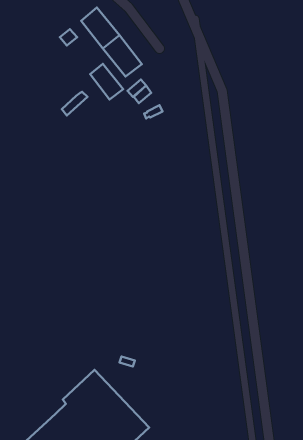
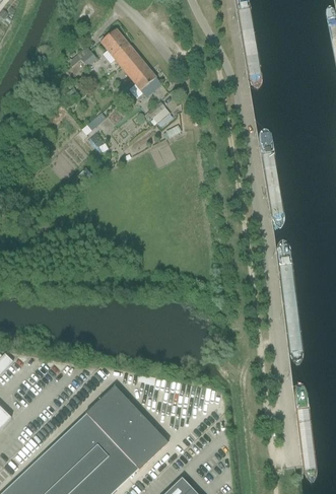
building: [90,64,123,100] -> none

